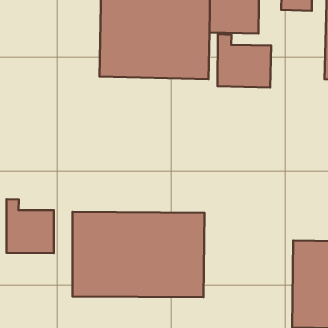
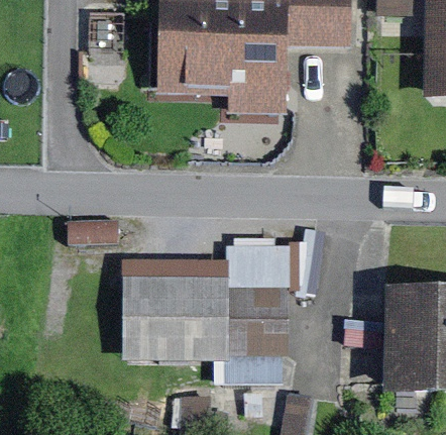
building: [217,34,271,87] -> none
building: [6,199,54,253] -> none

